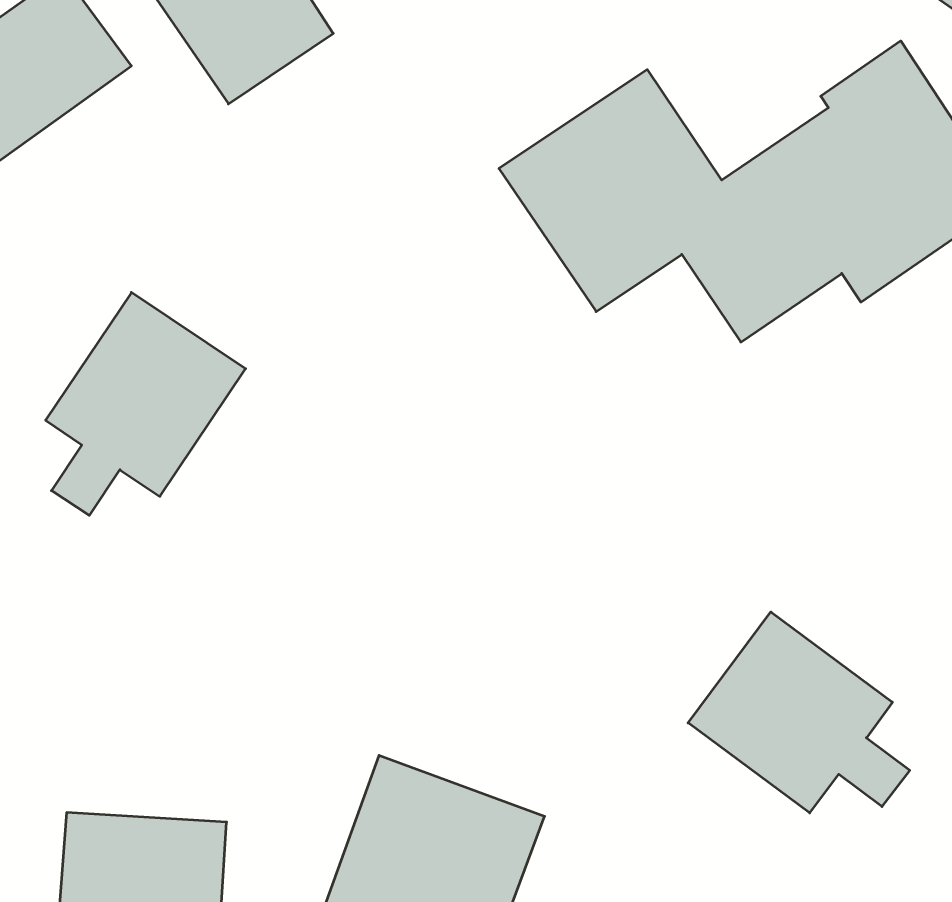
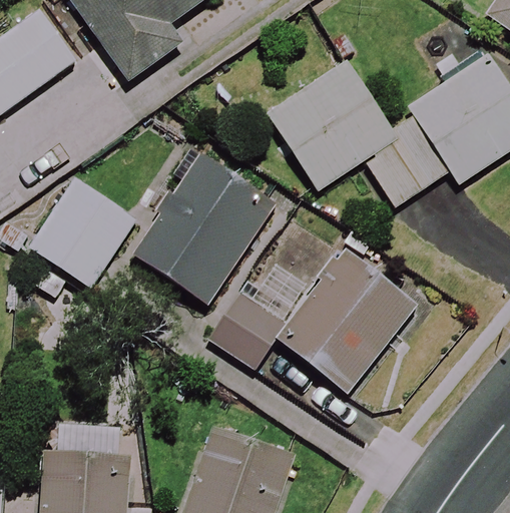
building: none -> [136,158,272,303]
building: none -> [209,254,415,395]
building: [688,612,910,813] -> none

